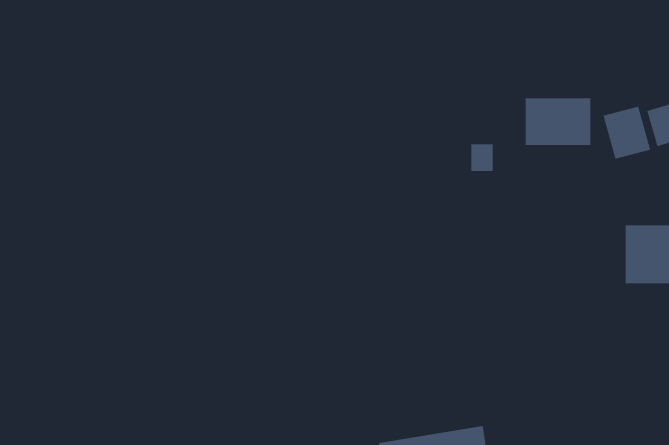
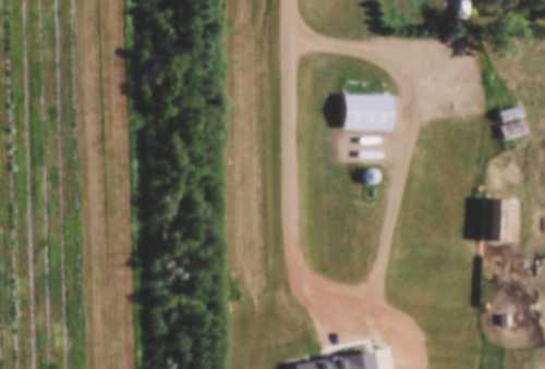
building: [525,98,591,146] -> [343,94,393,130]
building: [603,106,651,159] -> none

